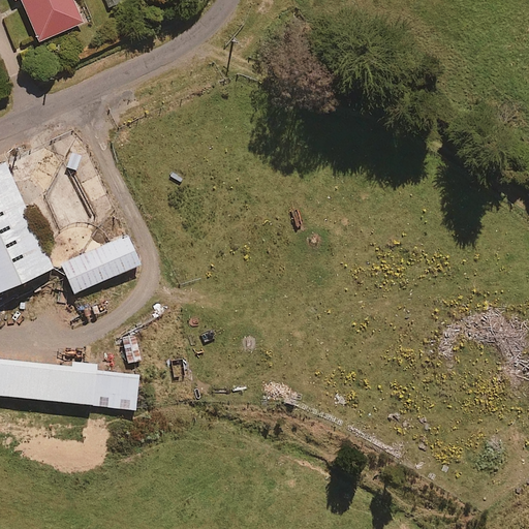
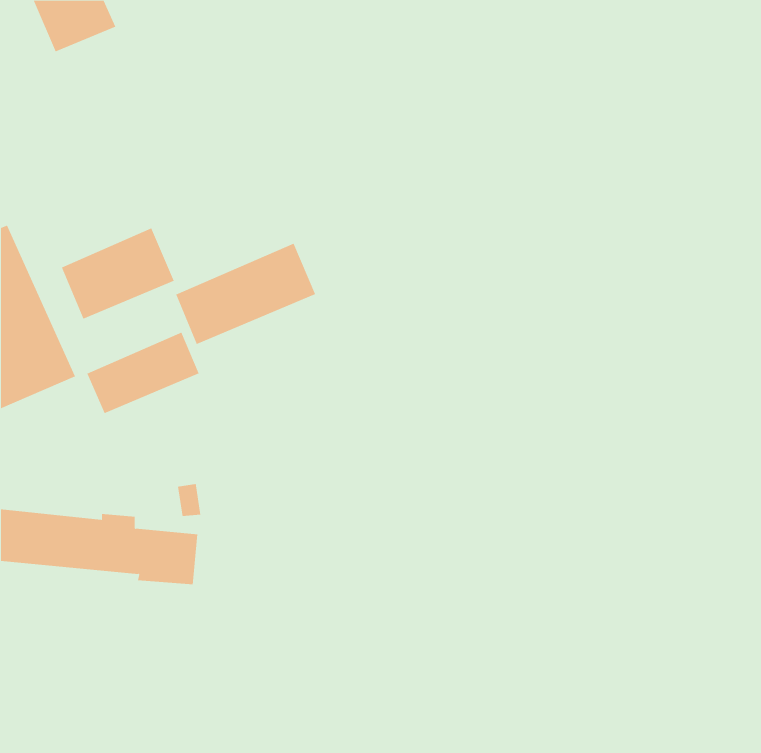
building: none -> [61,228,175,319]
building: none -> [176,243,316,345]

